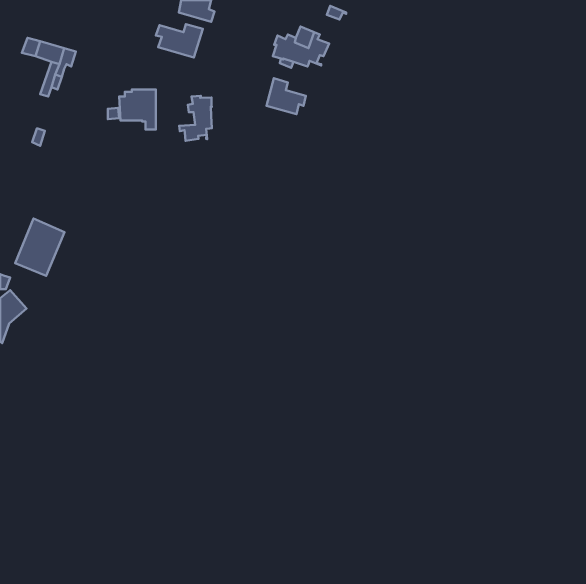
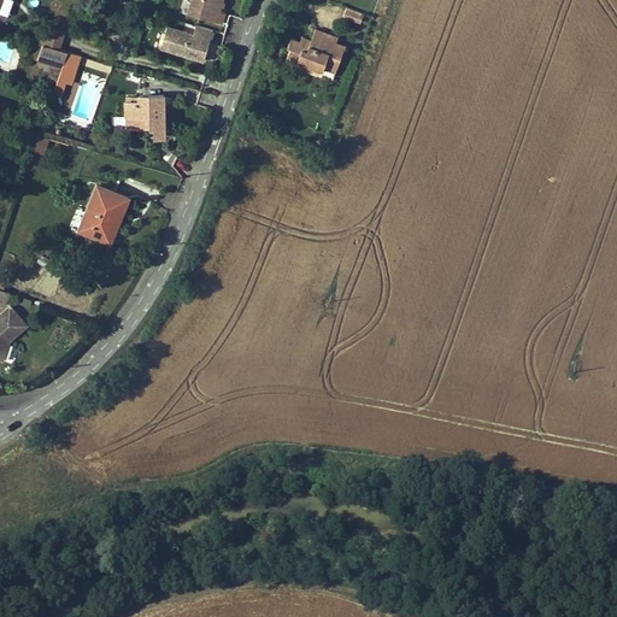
building: [267,78,306,114] -> none
building: [179,96,212,141] -> none
building: [15,218,65,276] -> [78,183,130,243]

